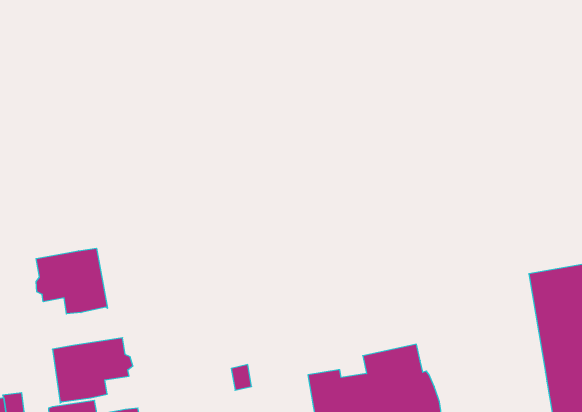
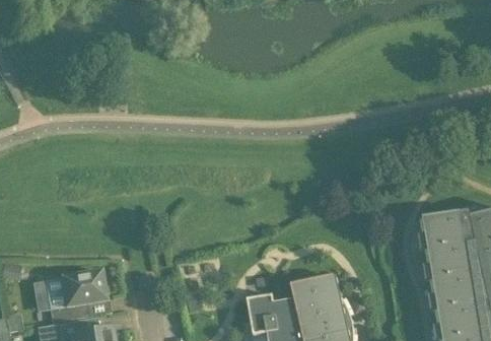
building: [36,248,107,314] -> none

